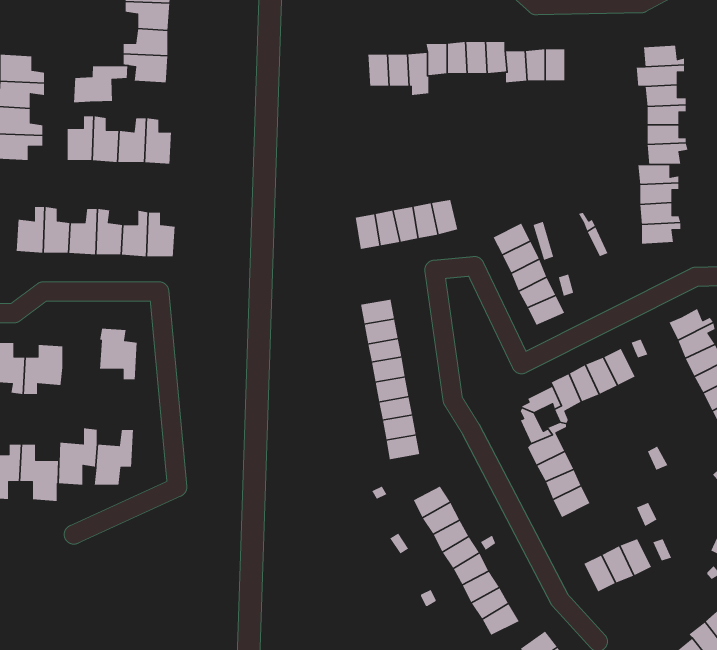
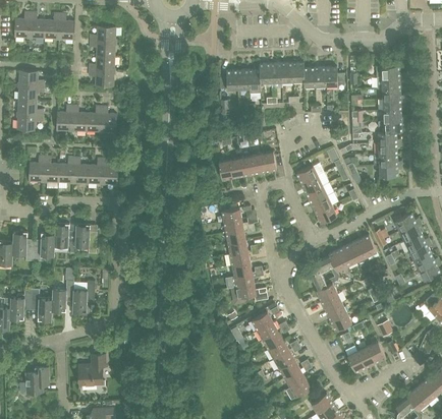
building: [73,66,128,103] -> none
building: none -> [54,223,75,253]
building: none -> [77,354,104,385]
building: none -> [25,367,47,393]

